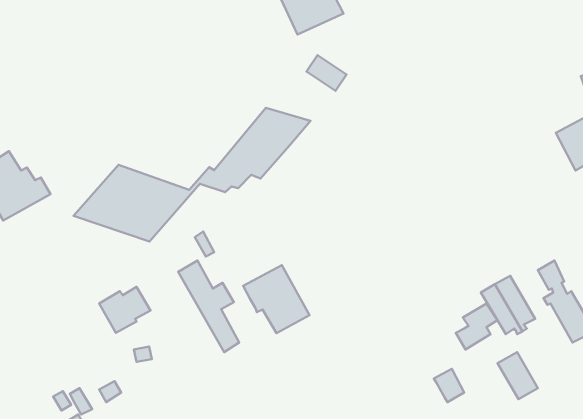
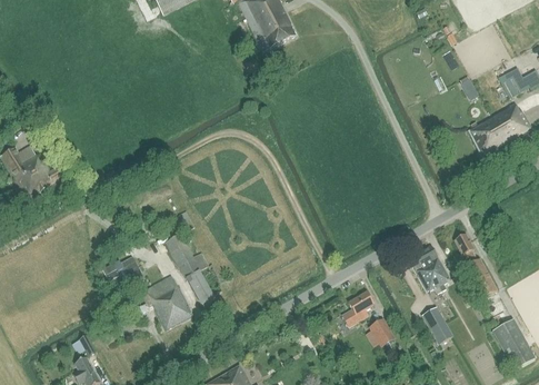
building: [307,55,346,91] -> none
building: [73,108,310,242] -> none
building: [243,265,310,333] -> [140,275,193,329]
building: [456,304,498,349] -> [341,290,375,327]

